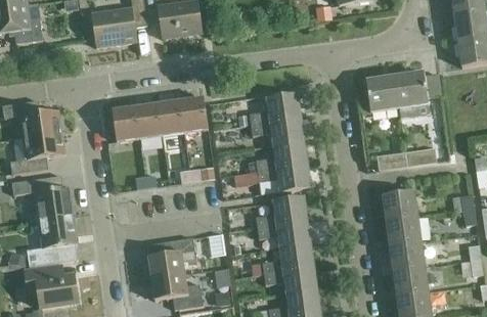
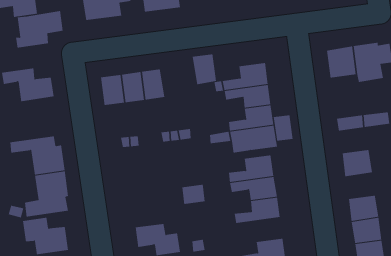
building: [180,97,208,132] -> [192,54,217,85]
building: [10,131,64,173] -> [15,11,64,48]
building: none -> [273,114,293,142]
building: [386,216,420,245] -> none
building: [148,237,196,277] -> none
building: [264,266,317,293] -> none

